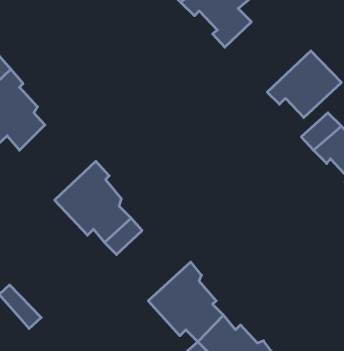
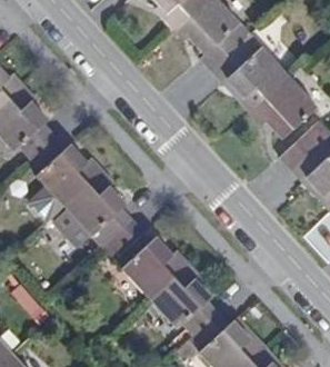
building: none -> [219,40,298,107]
building: none -> [31,137,101,218]
building: none -> [122,238,188,298]

